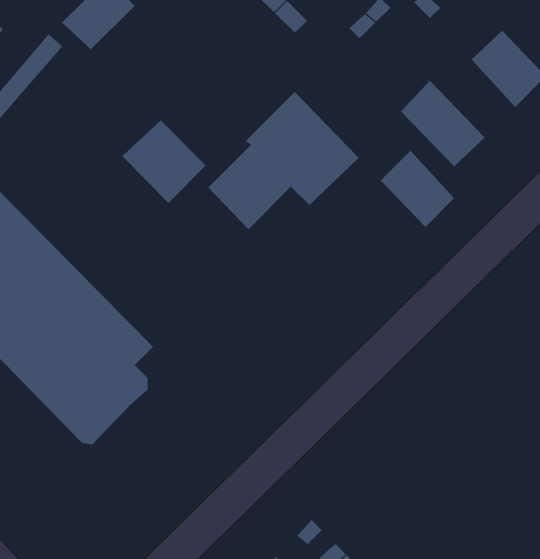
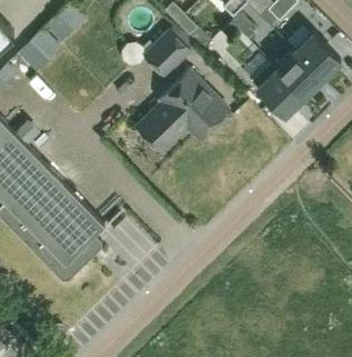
building: none -> [144,32,190,78]
building: [121,120,206,204] -> none
building: [370,150,455,228] -> [270,52,321,99]

